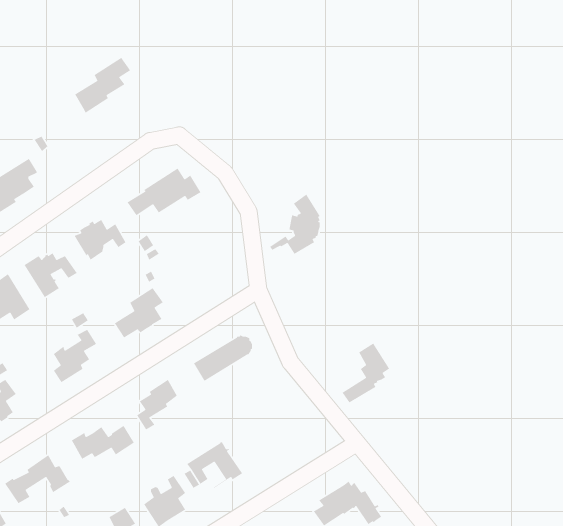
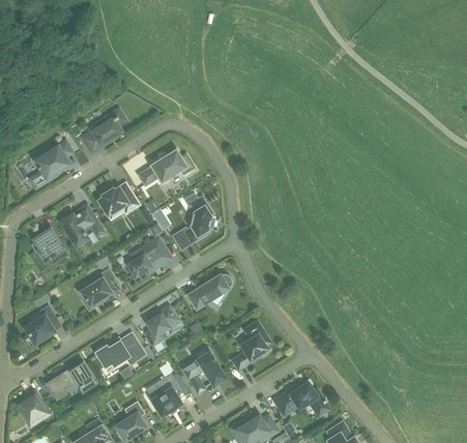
building: [74,57,131,114] -> [83,110,125,152]
building: [269,194,322,255] -> [173,197,212,242]
building: [342,343,390,404] -> [233,323,269,368]

